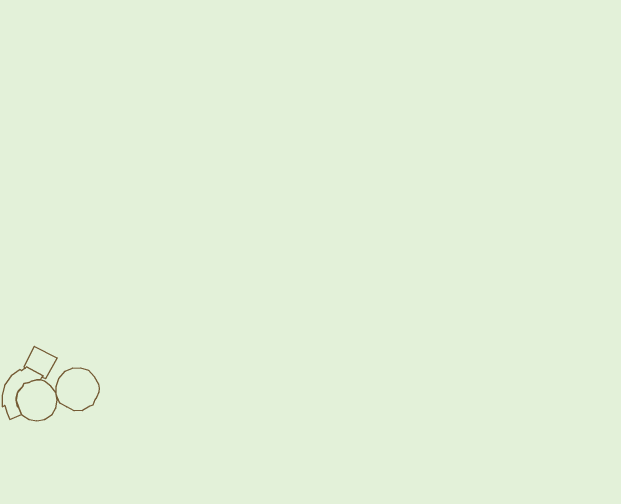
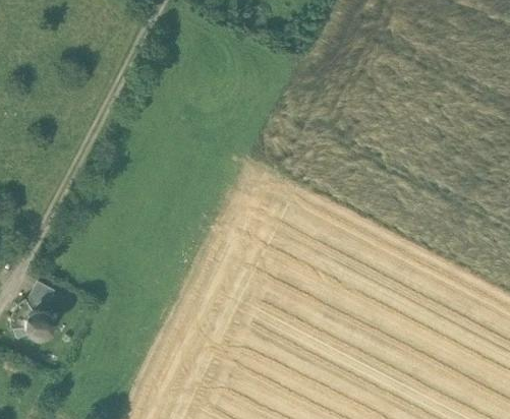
building: [56,368,99,411] -> none

